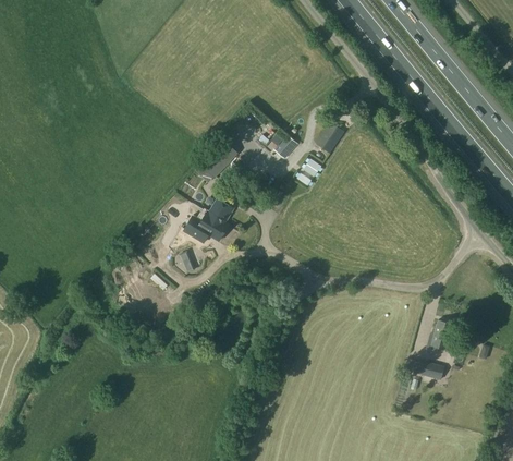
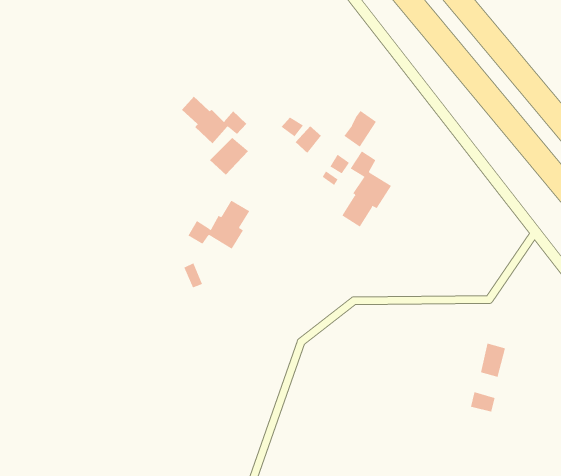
building: none -> [181,96,247,144]
building: none -> [342,150,392,227]

